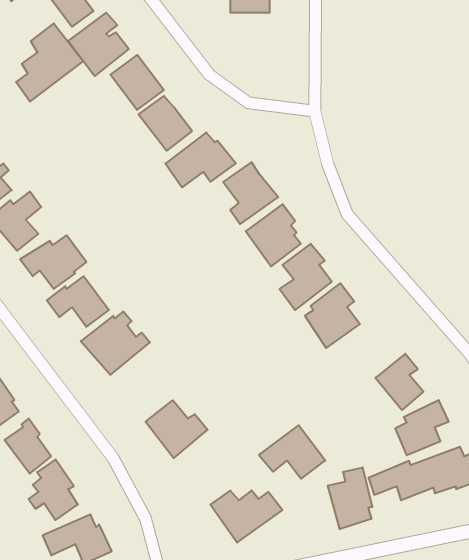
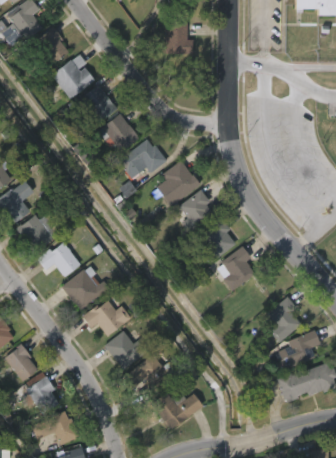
building: [16,23,83,102] -> none
building: none -> [82,300,130,336]
building: [259,425,325,479] -> [126,356,173,394]
building: [328,467,372,529] -> none

